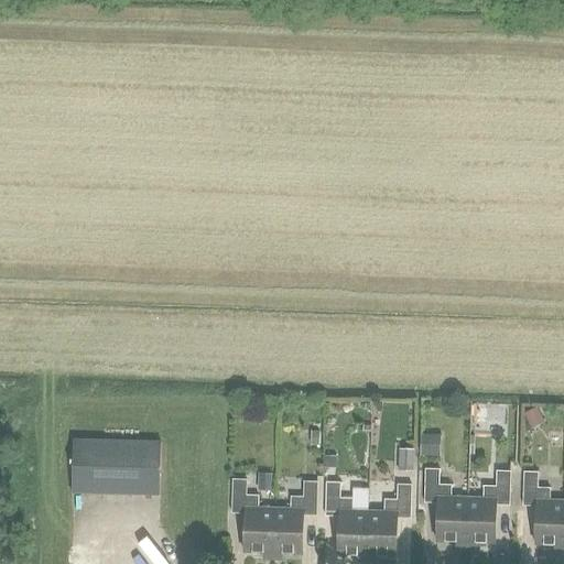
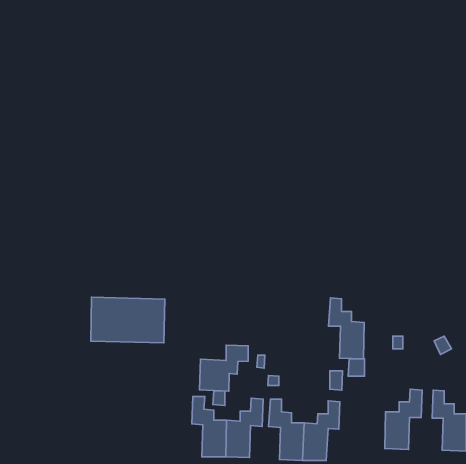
building: none -> [199,345,248,391]
building: [72,438,161,494] -> [91,297,165,343]
building: [422,467,465,541] -> [329,298,364,359]

